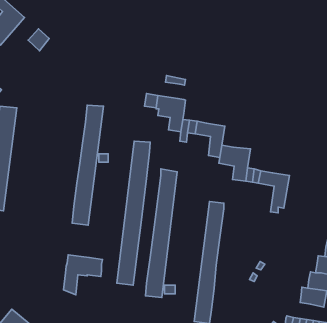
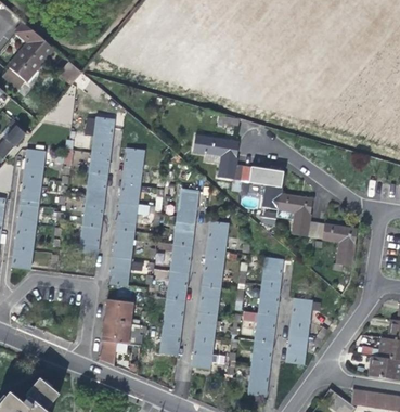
building: none -> [77,117,114,255]
building: none -> [104,298,131,322]
building: none -> [286,298,310,363]

